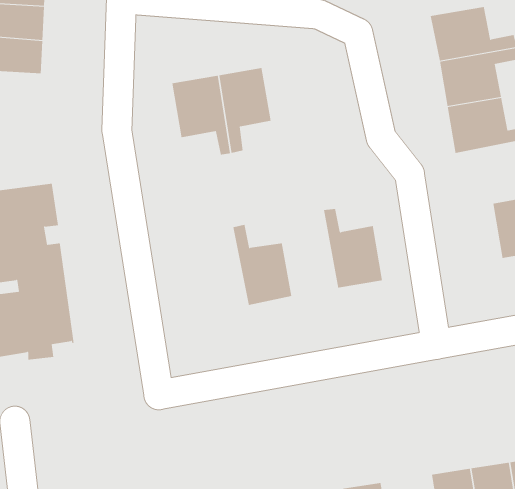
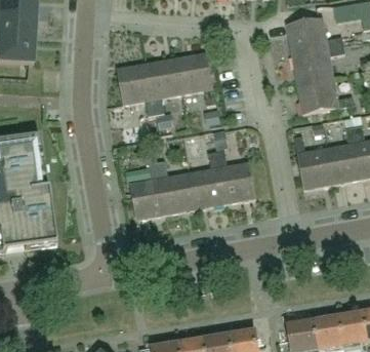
building: none -> [177,51,216,105]
building: none -> [295,135,334,188]
building: none -> [191,151,227,207]
building: none -> [131,152,168,219]

